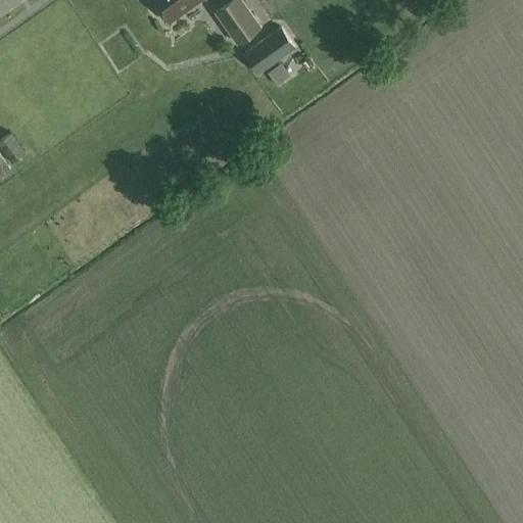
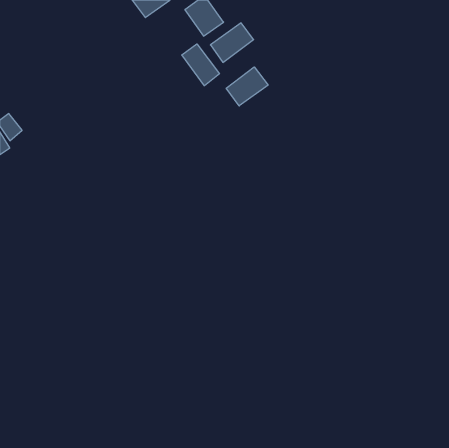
building: none -> [182,44,219,86]
building: none -> [226,67,268,106]

